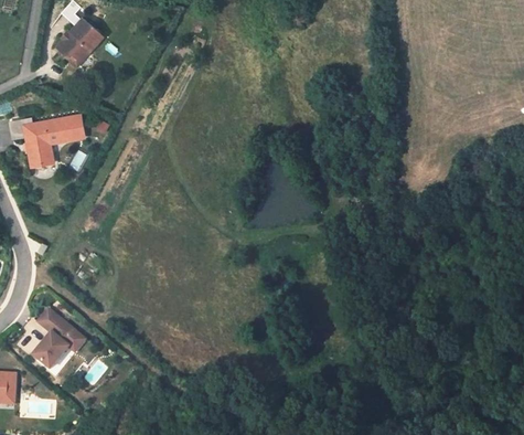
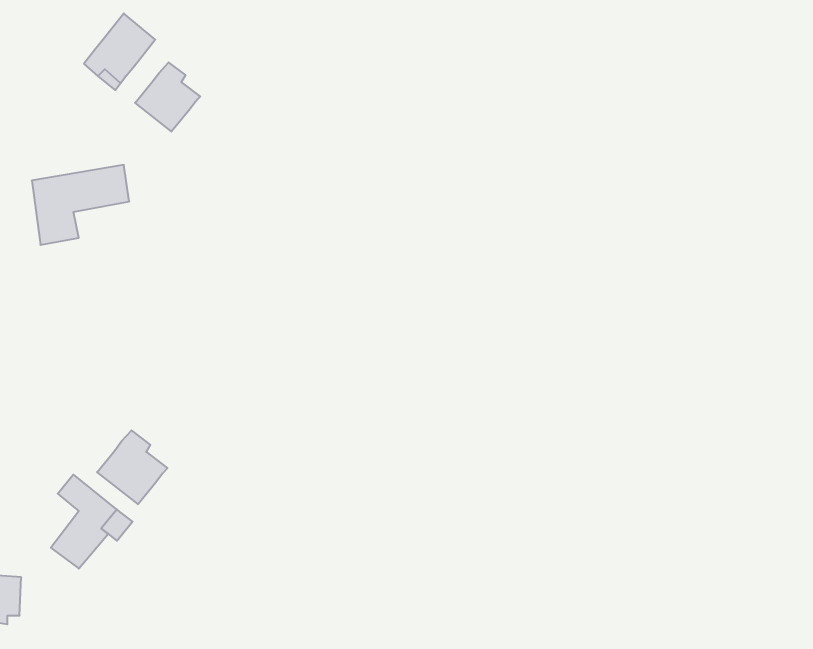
building: none -> [135,62,200,132]
building: none -> [97,430,167,504]

